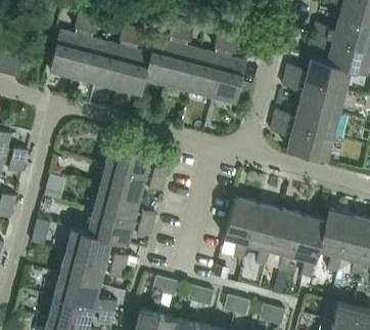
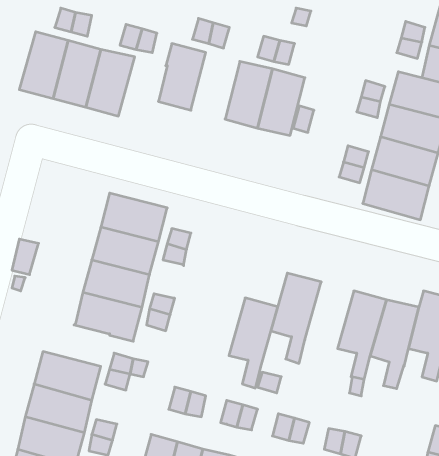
building: [168,45,201,91] -> none
building: [118,48,151,95] -> none
building: [246,204,280,266] -> [229,298,278,388]
building: [65,229,111,262] -> none

